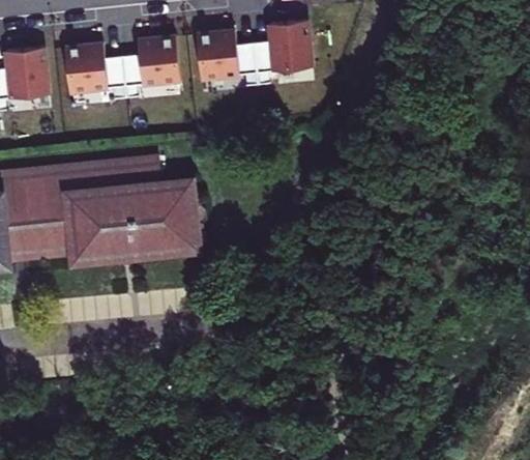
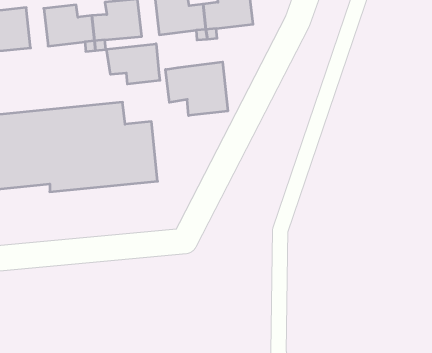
building: none -> [106,44,160,84]
building: none -> [166,62,228,116]

